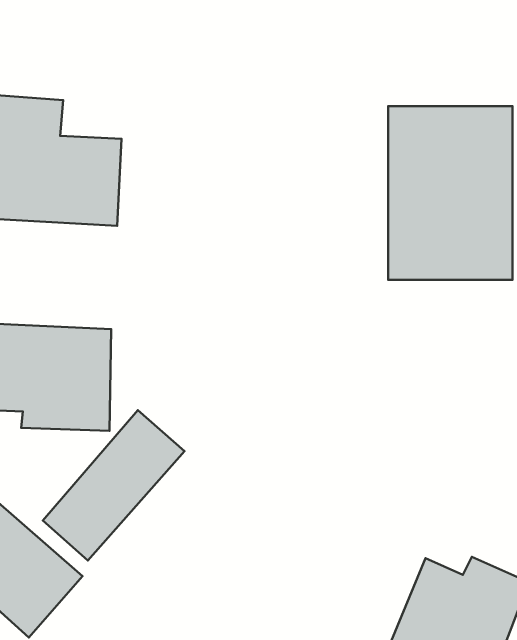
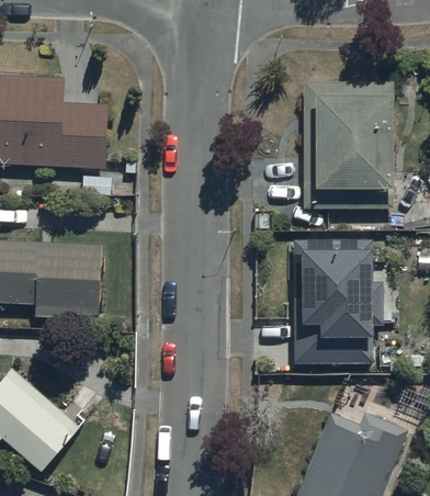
building: none -> [294,238,374,363]
building: [43,410,184,560] -> none

